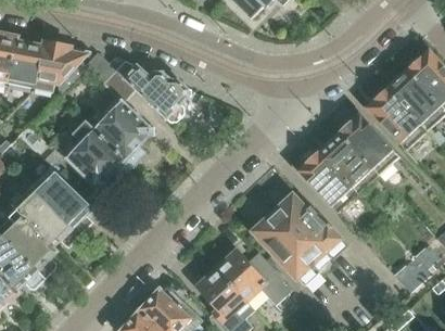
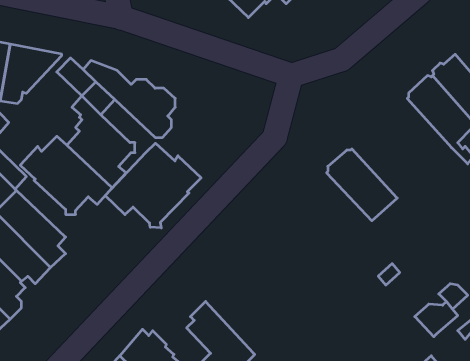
building: [366,88,424,149] -> none
building: [339,113,397,174] -> none
building: none -> [105,143,201,228]
building: [297,151,356,213] -> none
building: [253,194,346,285] -> none
building: [213,250,289,307] -> none

